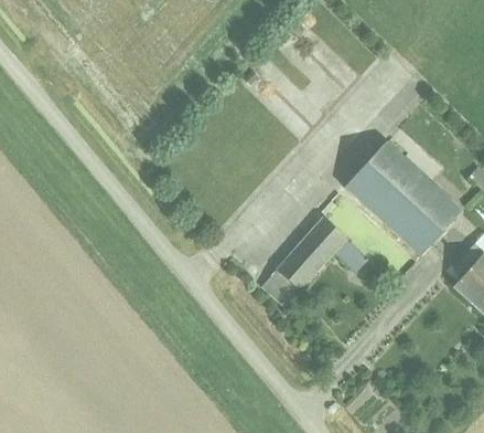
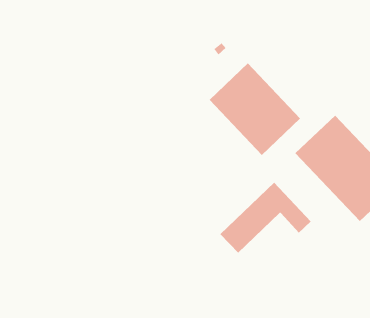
building: none -> [209,62,301,156]

